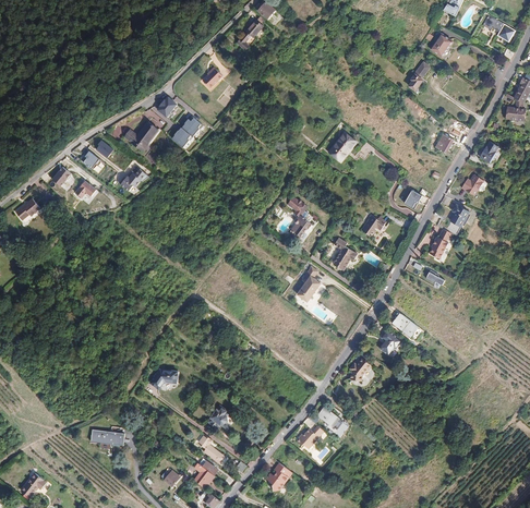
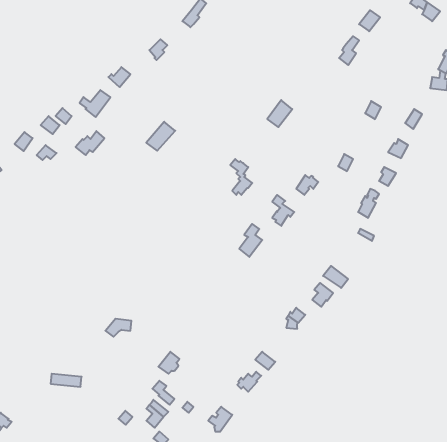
building: [172,116,204,147] -> [146,122,175,151]

